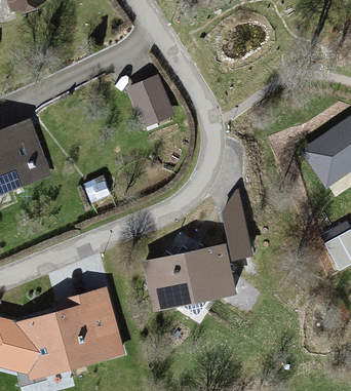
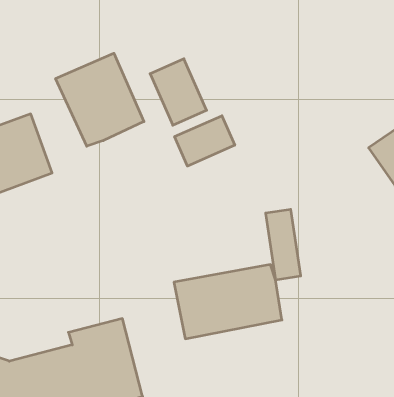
building: none -> [56,53,144,146]
building: none -> [175,116,235,166]

